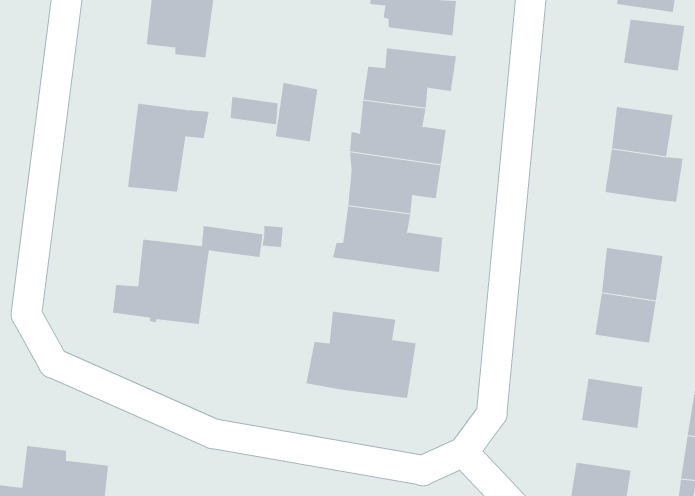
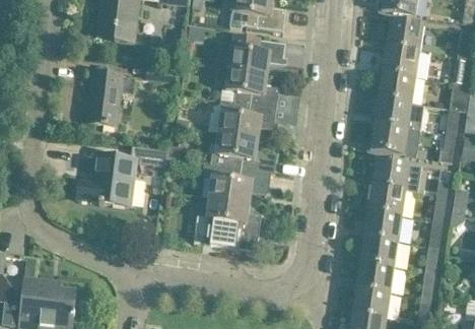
building: none -> [382,47,419,78]
building: [275,82,318,142] -> none
building: none -> [370,125,408,155]
building: none -> [210,167,267,202]
building: none -> [364,211,402,243]
building: none -> [357,263,395,293]

